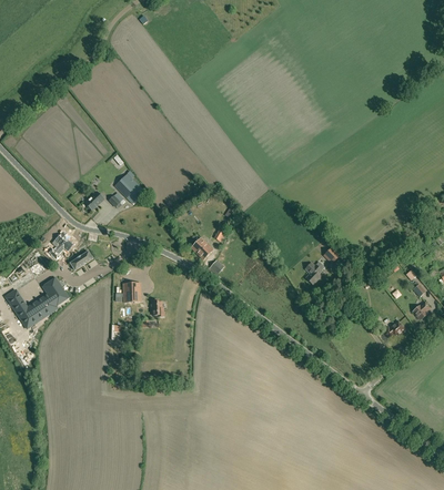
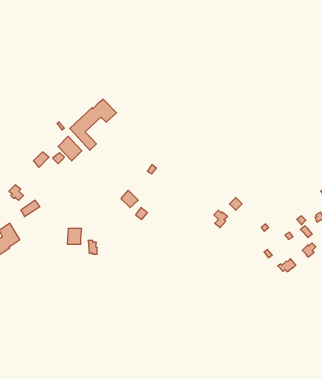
building: none -> [70,99,117,150]

